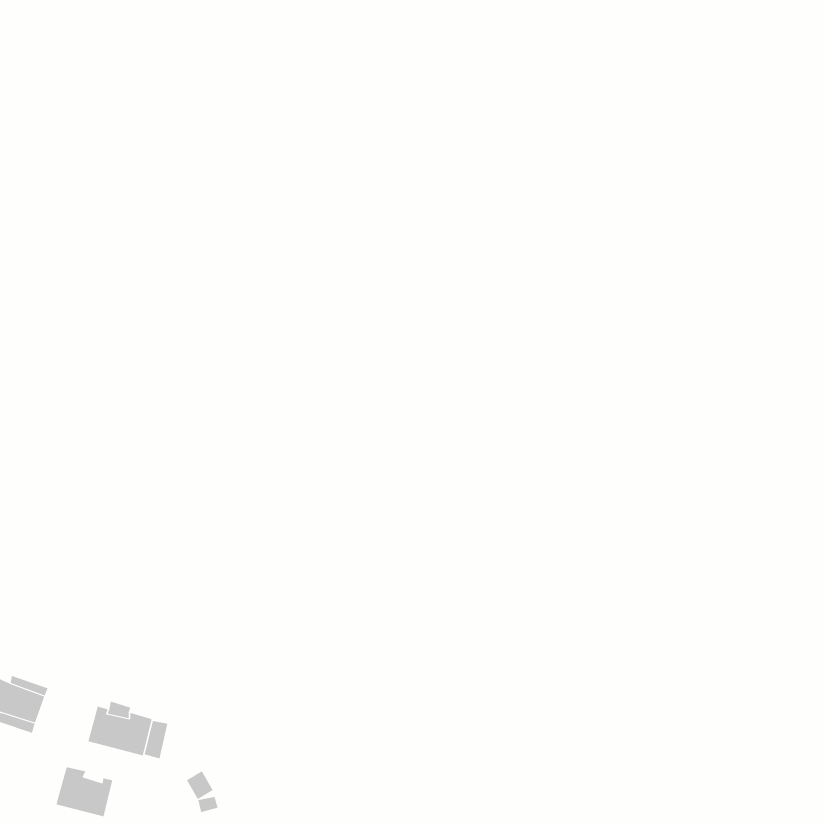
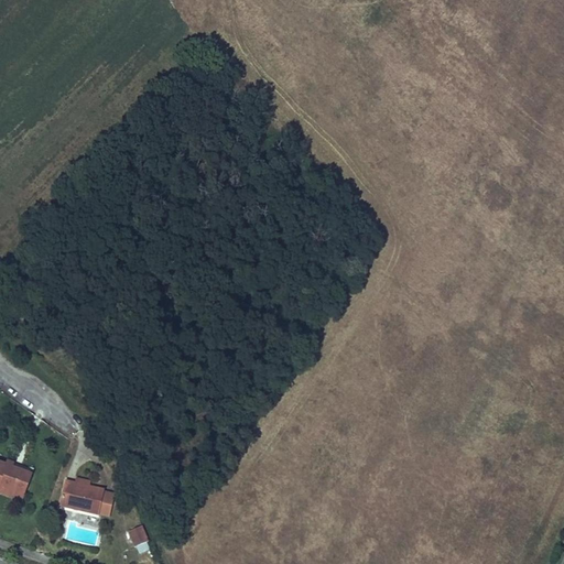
building: [56,767,113,817] -> none

